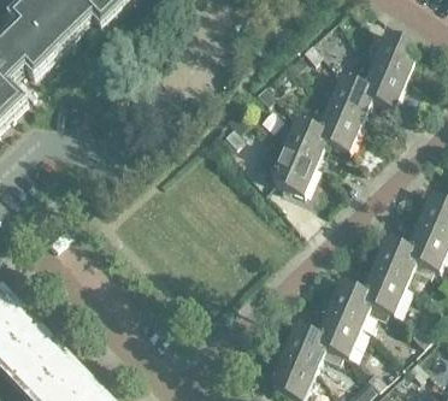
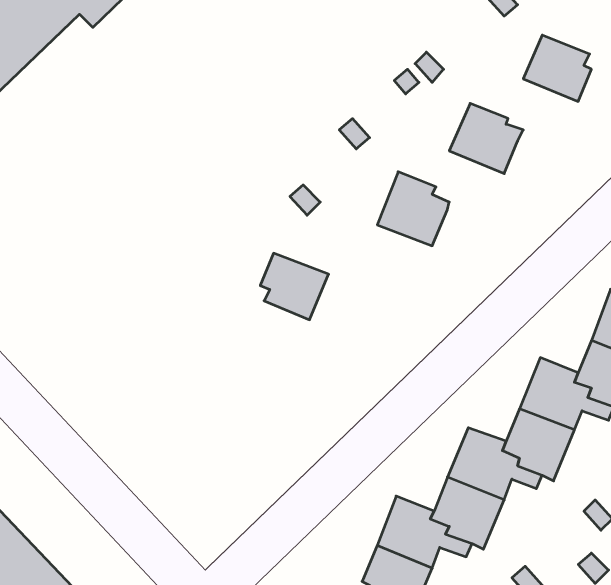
building: [348,58,411,107] -> none
building: [302,104,364,151] -> none
building: [275,151,318,193] -> [260,253,329,320]

